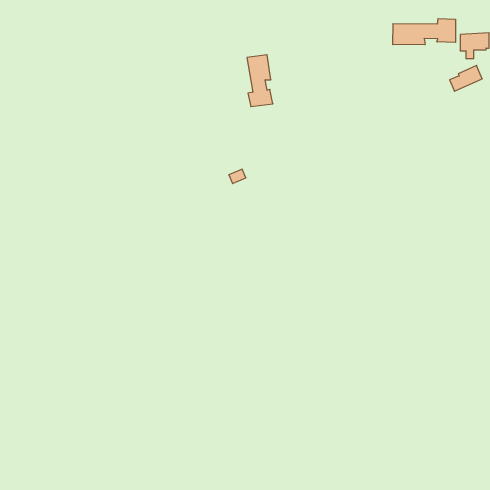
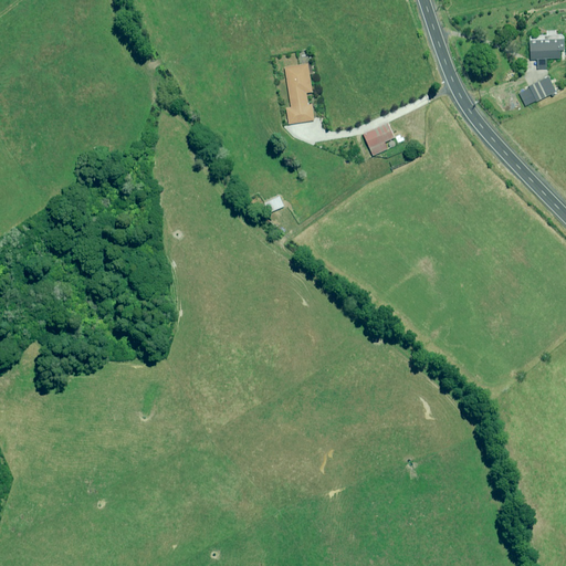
building: [393,19,456,45] -> none
building: none -> [363,122,395,155]

